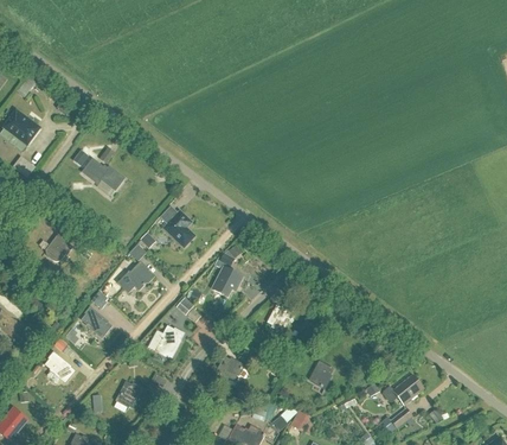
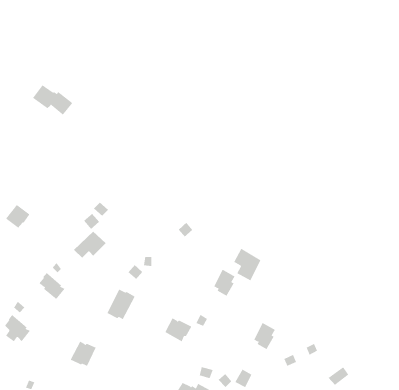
building: [81,157,124,190] -> [32,84,73,115]
building: [162,210,193,246] -> none
building: [210,266,242,297] -> none
building: none -> [233,248,261,281]
building: [381,373,423,405] -> none

